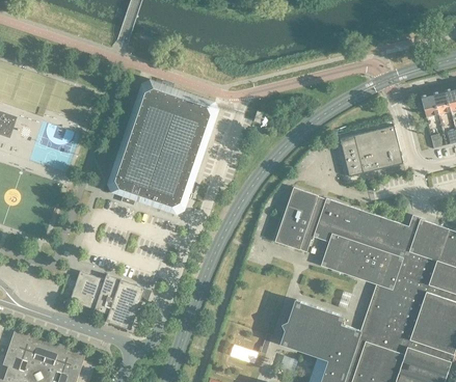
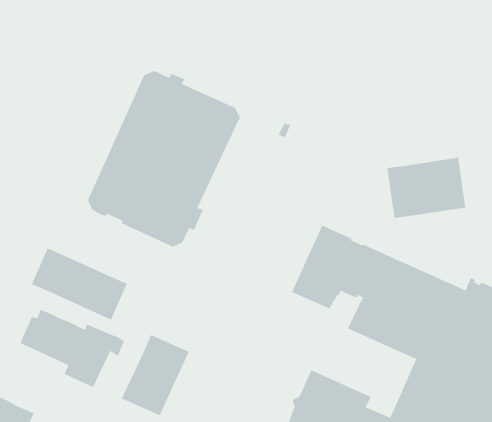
building: none -> [31,248,128,320]
building: none -> [121,334,189,416]

